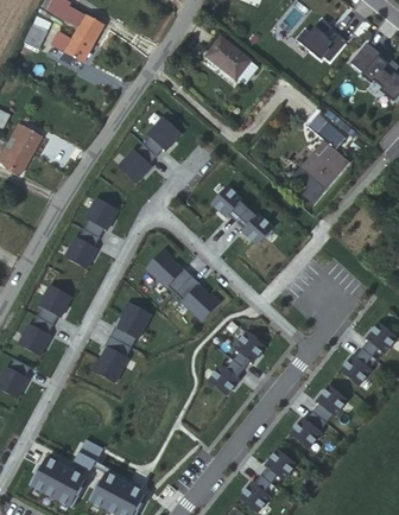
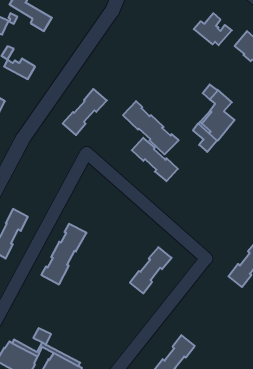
building: [51,32,93,59] -> [4,59,35,79]
building: [205,37,258,83] -> none
building: [65,197,115,263] -> none
building: [145,248,220,319] -> [123,101,179,154]
building: [290,383,347,446] -> none

